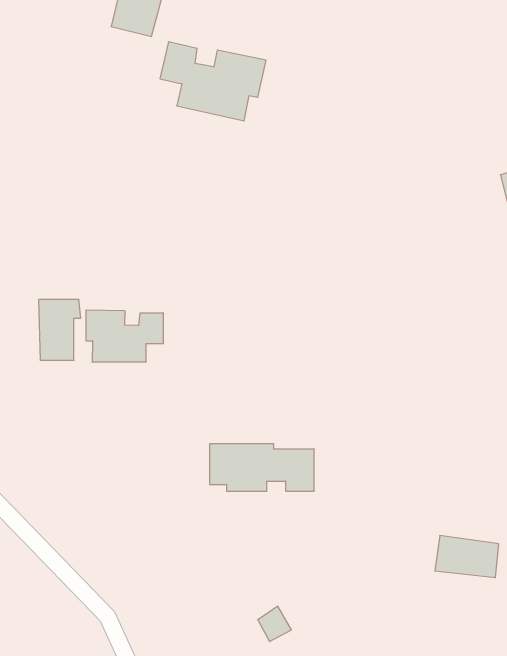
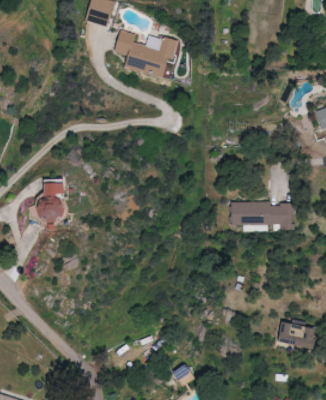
building: [86,310,163,362] -> none
building: [210,444,314,491] -> [231,201,293,229]

